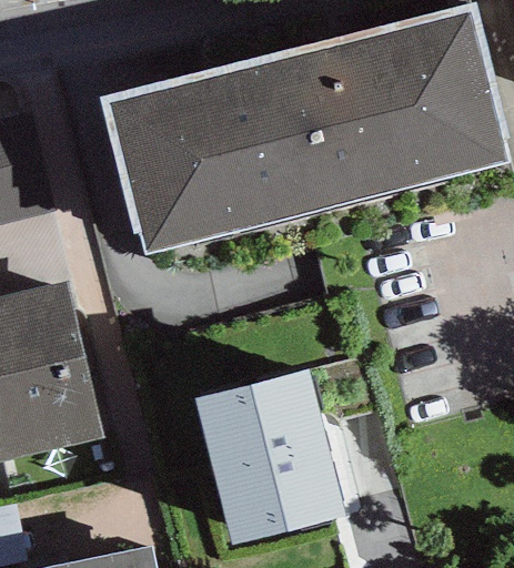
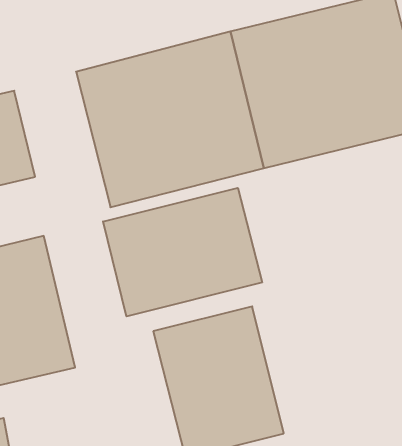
building: none -> [103,188,262,316]

